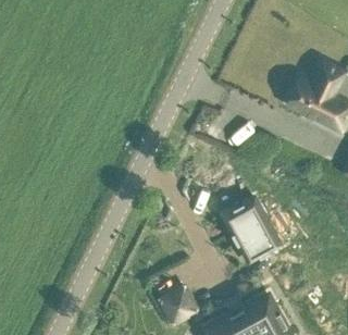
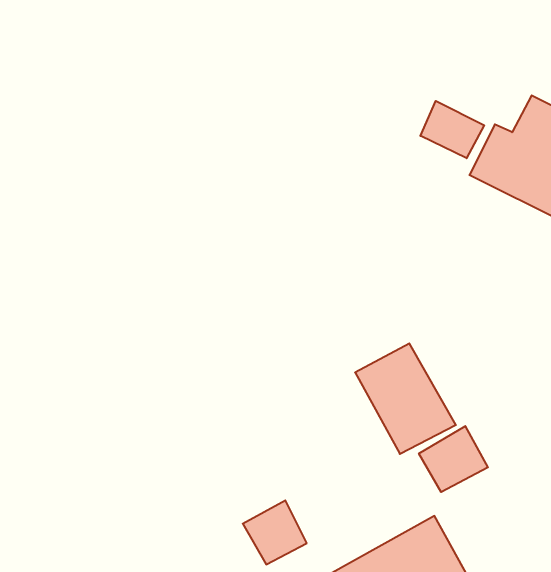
building: none -> [420,101,484,158]
building: none -> [419,426,488,492]

